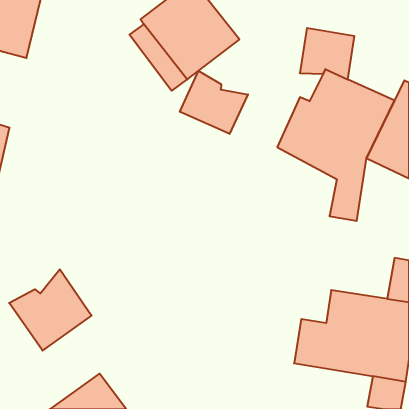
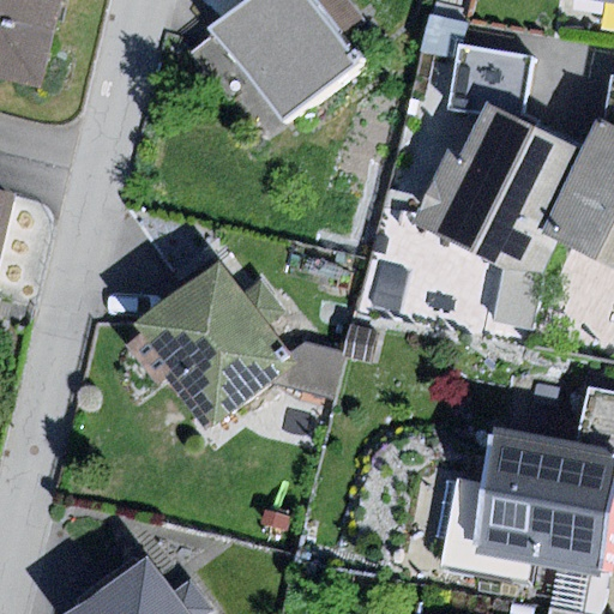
building: [180,71,248,134] -> none
building: none -> [125,266,345,429]
building: [9,269,92,351] -> none

